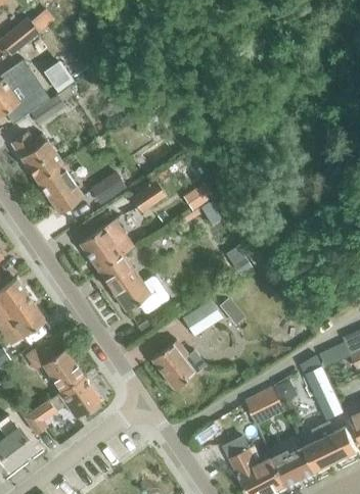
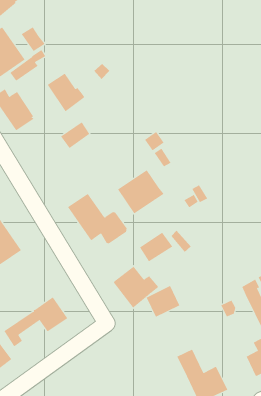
building: [38,168,83,214] -> [47,73,85,112]
building: [131,181,165,212] -> none
building: [79,219,134,271] -> [117,170,165,214]
building: [25,344,82,391] -> none
building: [245,387,285,425] -> [146,285,180,318]
building: [273,446,318,485] -> none

